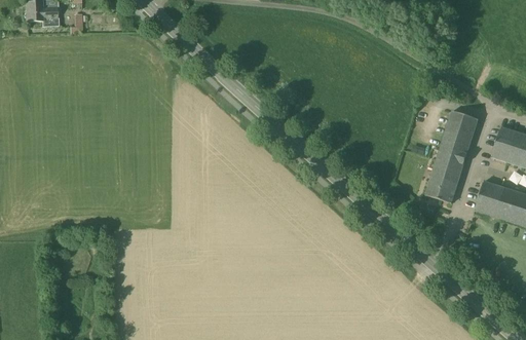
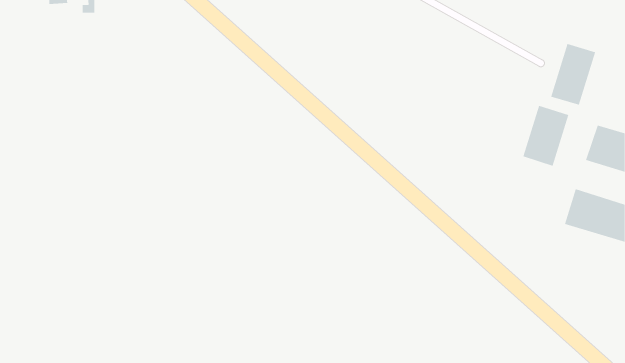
building: none -> [550,43,596,106]
building: [425,153,464,202] -> none

